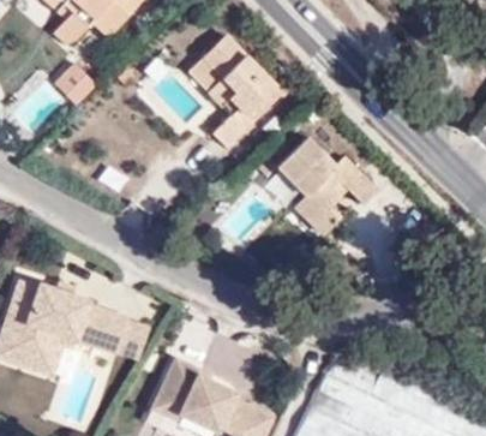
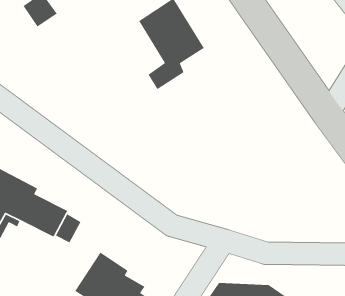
building: [272,144,370,240] -> none

